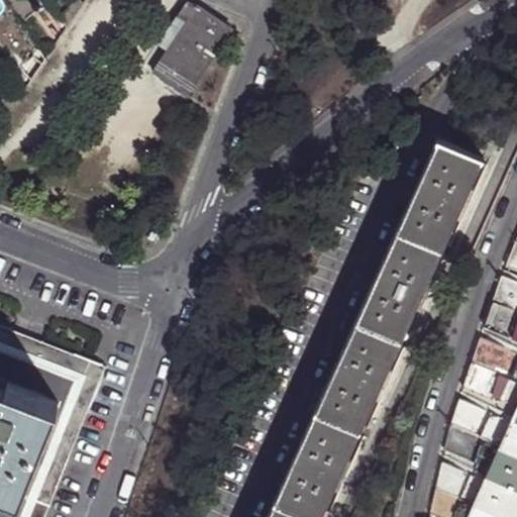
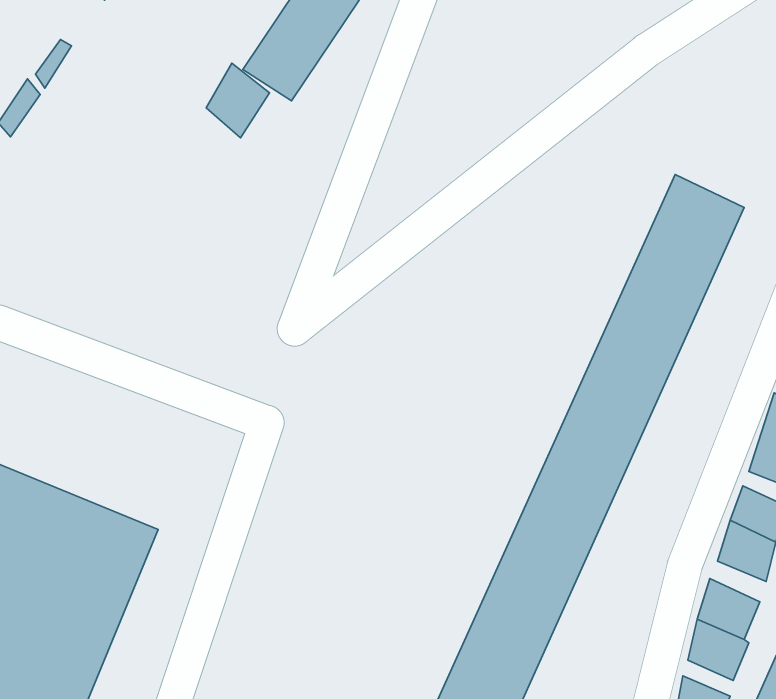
building: none -> [206,63,270,138]

